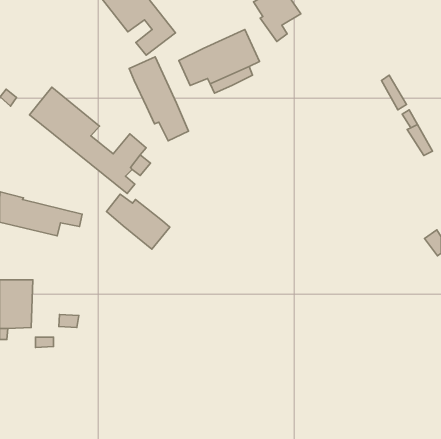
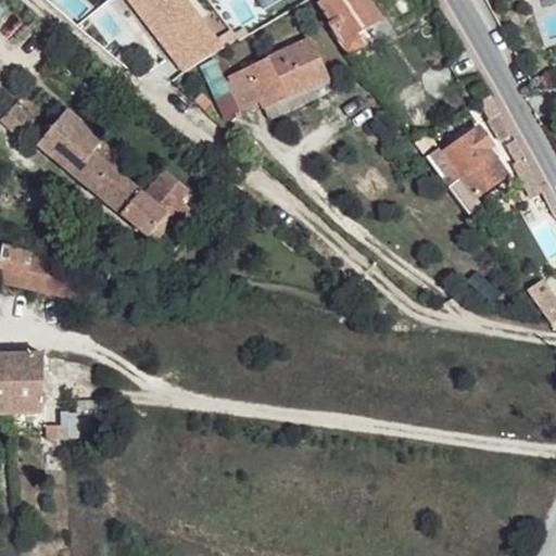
building: [129,57,189,141] -> none
building: none -> [426,126,506,211]
building: [107,194,170,249] -> none

